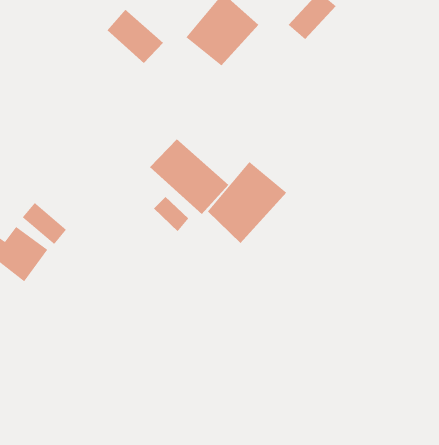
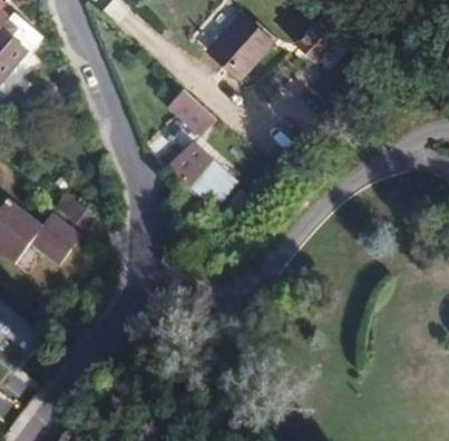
building: [106,9,164,64] -> [169,91,221,140]
building: [207,161,287,244] -> none

